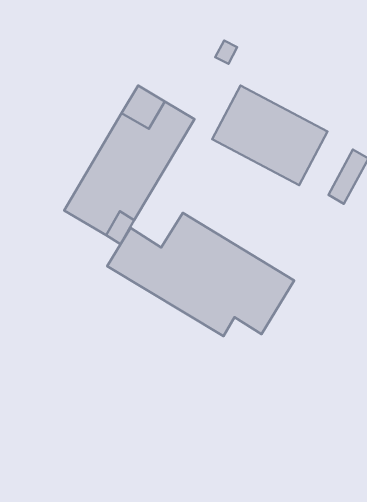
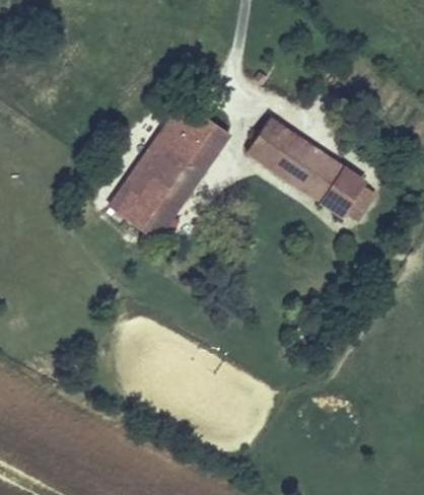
building: none -> [317,158,370,219]
building: [107,213,294,336] -> none

